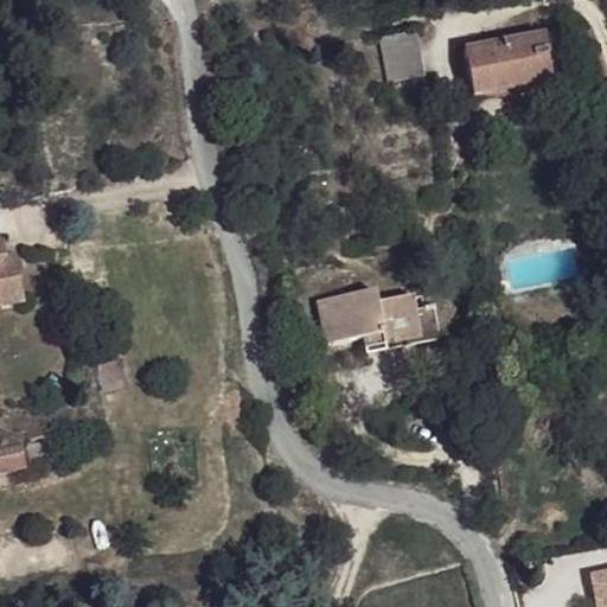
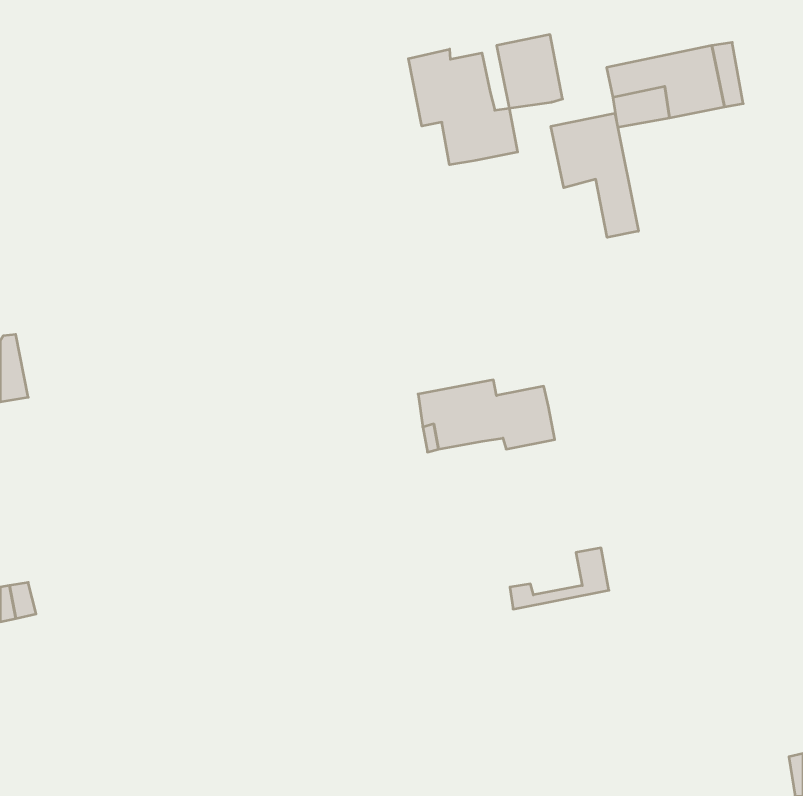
building: none -> [408,49,518,165]
building: none -> [551,113,638,237]
building: [364,304,439,350] -> [510,548,609,609]

